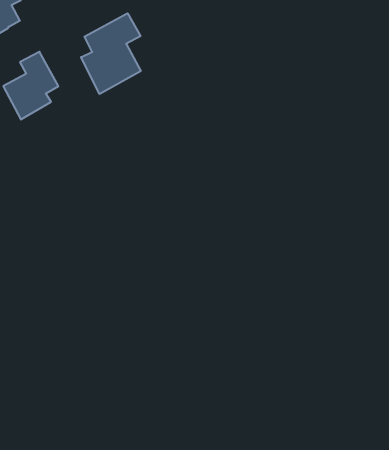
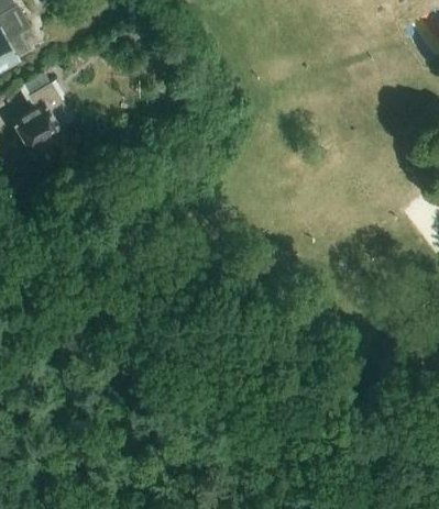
building: [81,13,141,94] -> none

